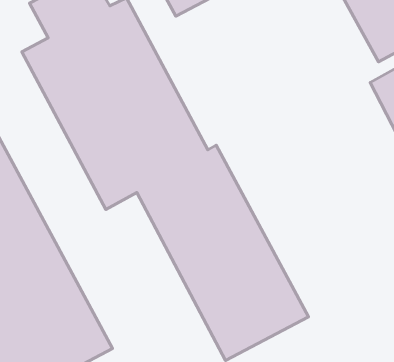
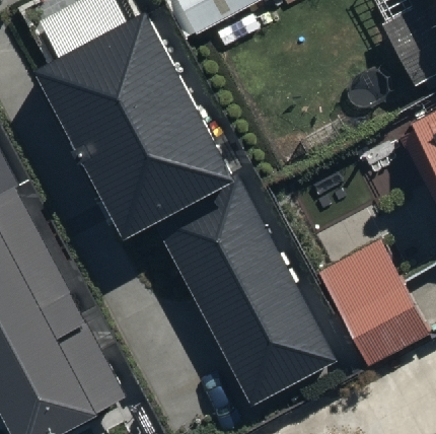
building: none -> [315,236,430,368]

